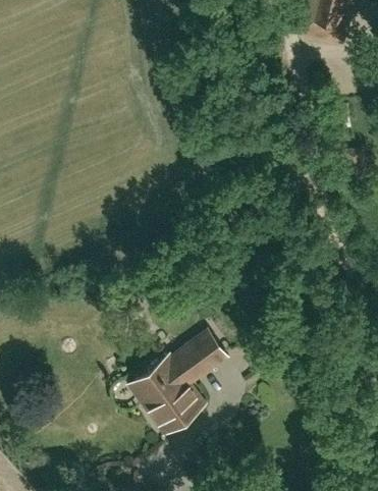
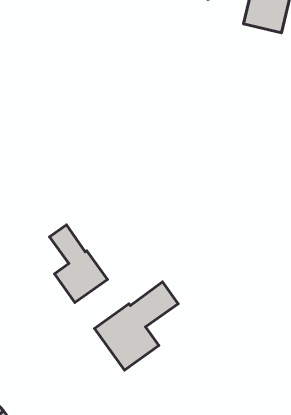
building: none -> [49,225,107,302]

